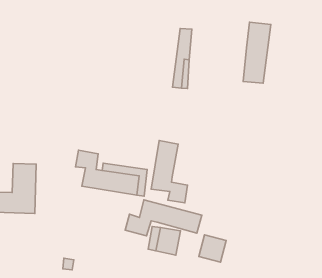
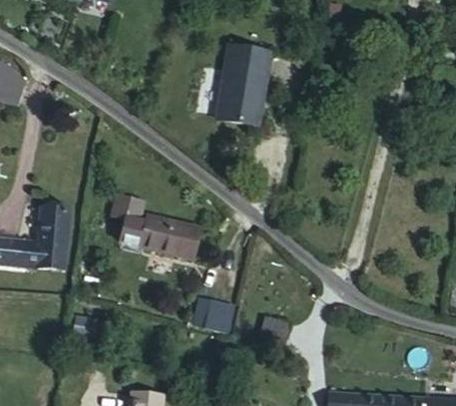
building: [243,22,271,83] -> [217,51,257,127]
building: [151,140,187,203] -> none
building: [125,200,202,236] -> none

